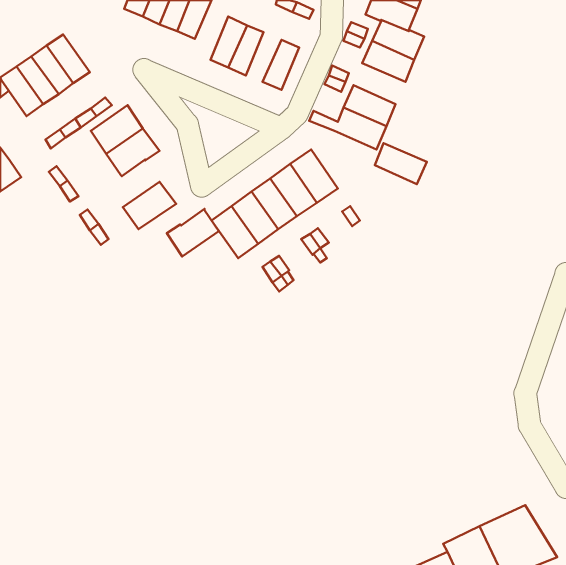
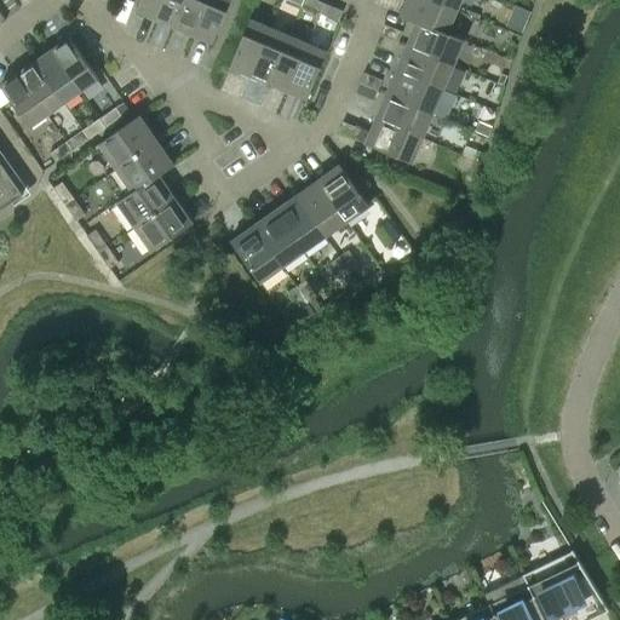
building: none -> [269,36,308,91]
building: [375,143,427,184] -> [386,70,443,115]
building: [167,209,219,257] -> [117,176,174,228]

